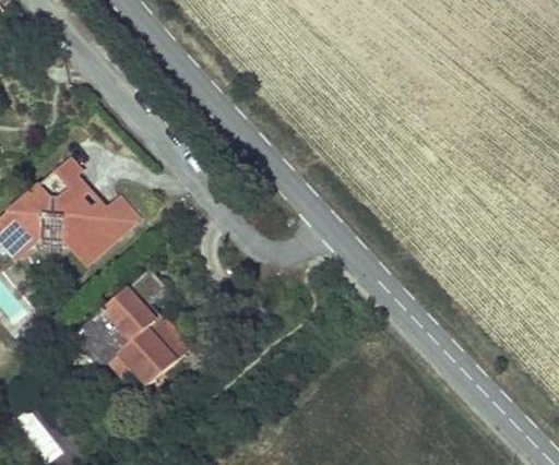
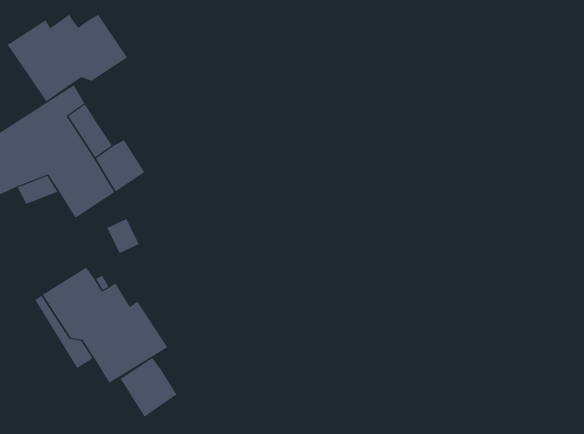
building: none -> [7,14,128,102]
building: none -> [120,357,177,418]

